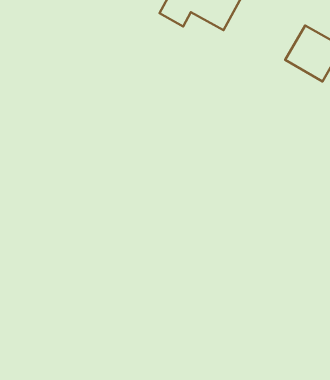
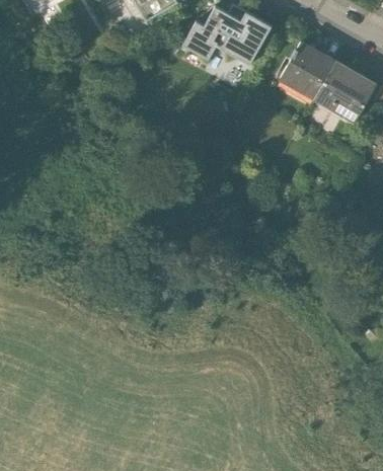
building: none -> [282,41,337,97]

